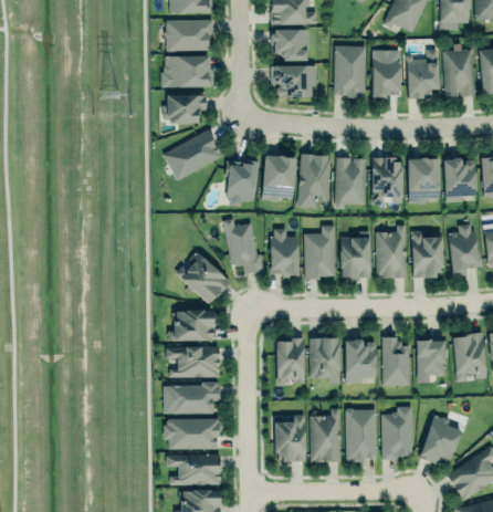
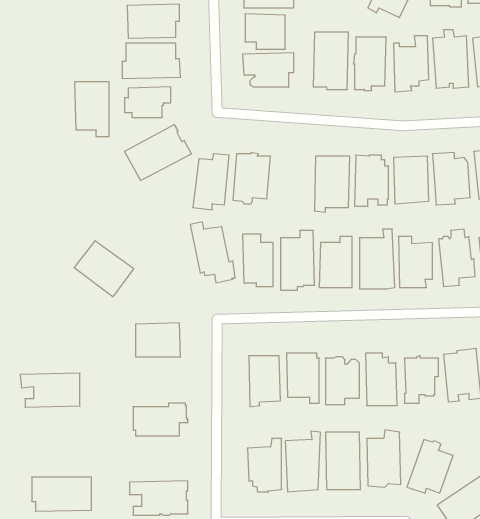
building: none -> [75,82,109,137]
building: [297,154,331,207] -> none
building: [176,253,230,304] -> [74,241,134,297]
building: [165,346,219,377] -> [20,373,80,407]
building: [164,418,218,449] -> [32,477,91,511]

